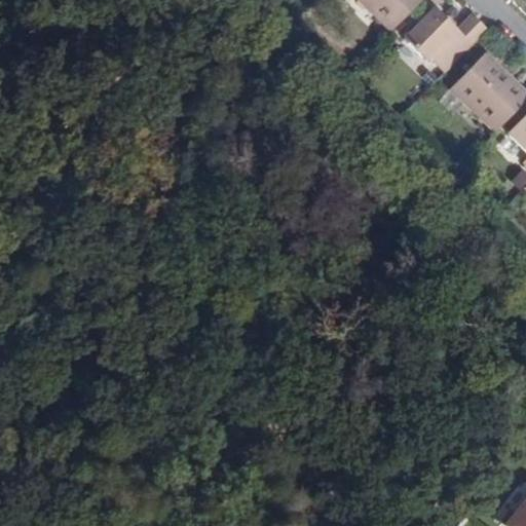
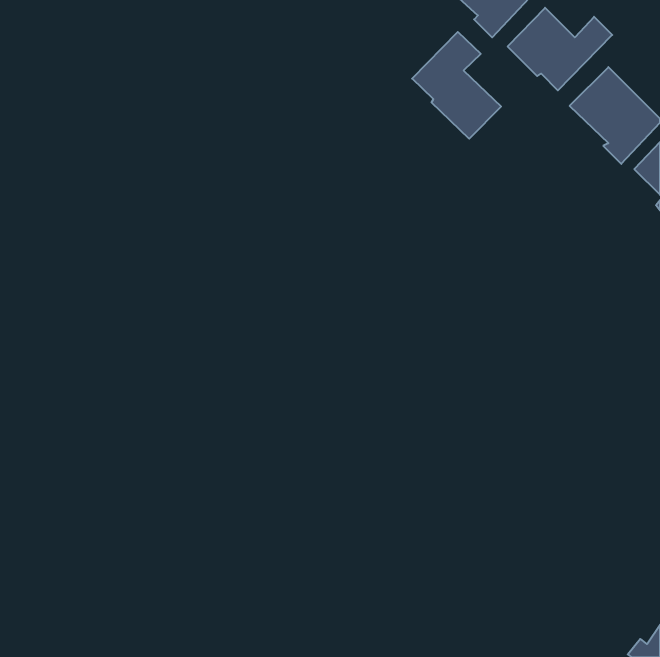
building: none -> [412,32,501,139]

